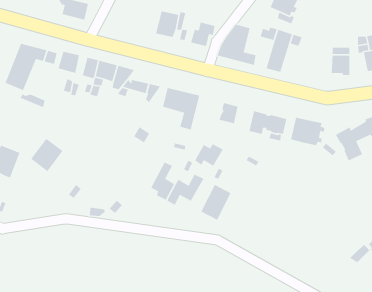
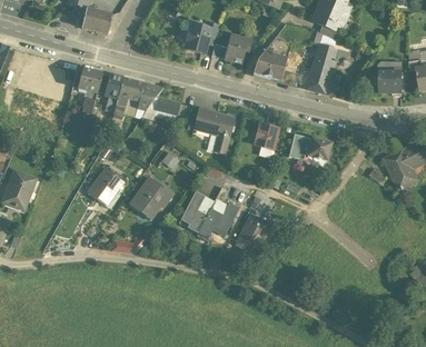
building: [290,117,325,146] -> none
building: [30,138,63,172] -> [87,168,123,206]
building: [194,143,224,167] -> none
building: none -> [129,179,172,217]

